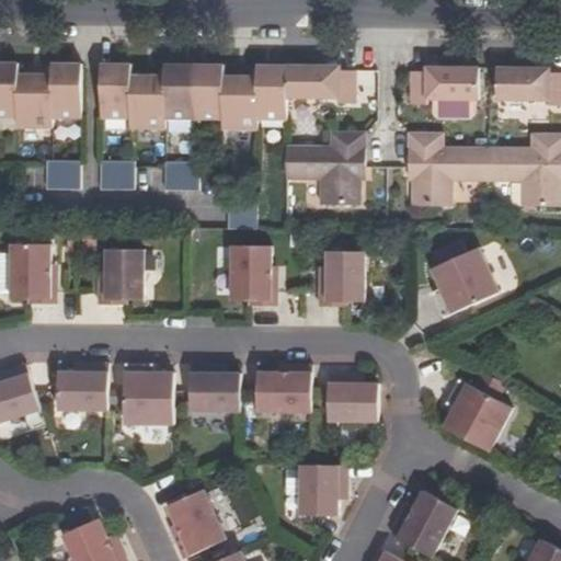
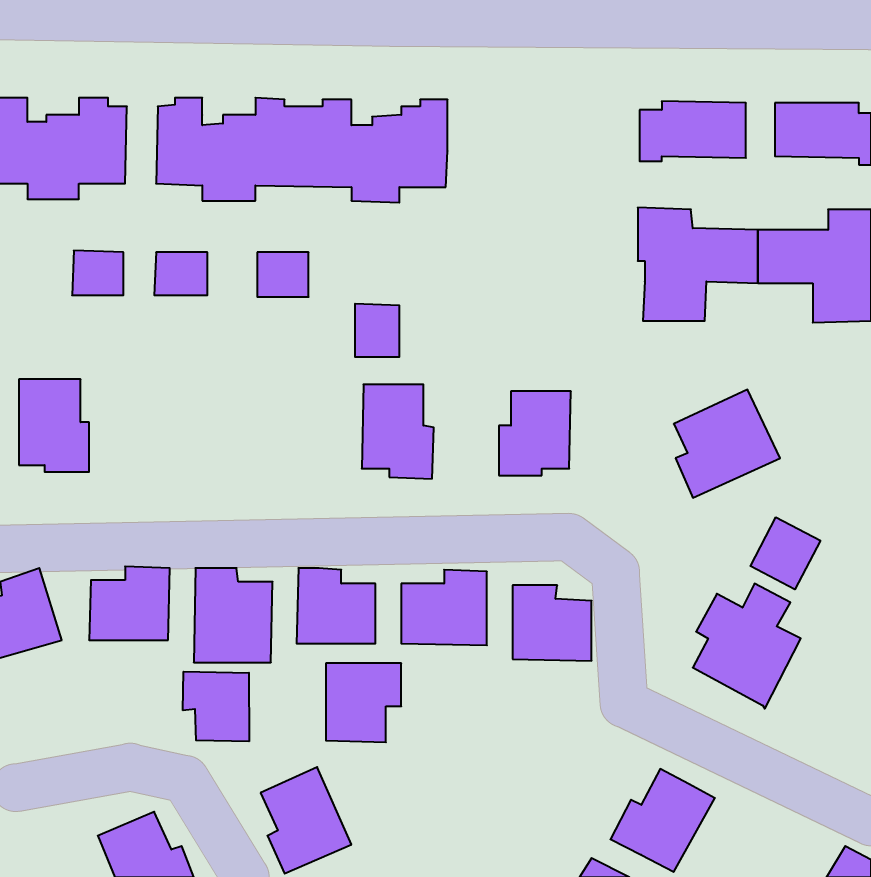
building: [286,64,354,101] -> none
building: [285,133,365,204] -> none
building: [99,248,144,302] -> none
building: none -> [750,517,820,589]
building: none -> [183,672,249,741]
building: [299,465,347,515] -> [326,663,401,742]

